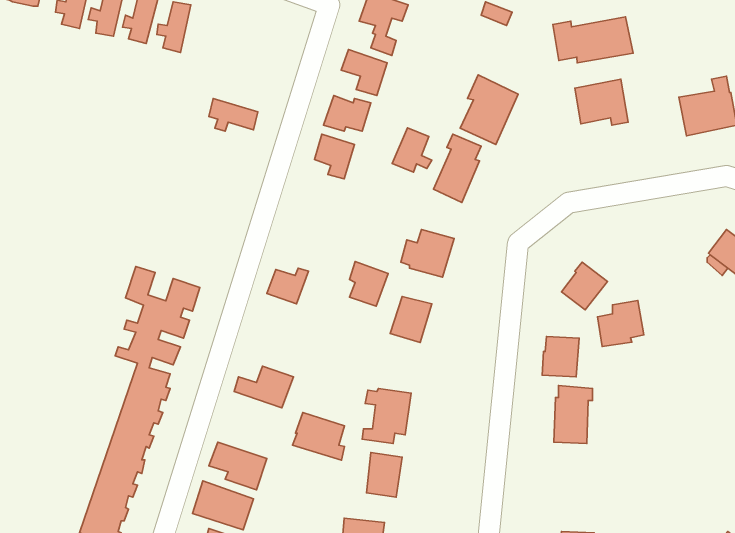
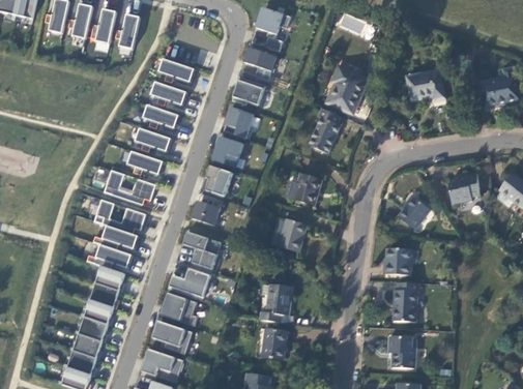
building: [553,17,633,63] -> none
building: none -> [159,59,195,83]
building: [392,128,432,172] -> none
building: none -> [143,106,178,128]
building: none -> [135,128,170,151]
building: none -> [211,137,242,168]
building: none -> [127,151,163,175]
building: none -> [104,170,154,205]
building: [349,262,388,306] -> [205,164,232,196]
building: [598,300,644,347] -> [447,172,480,204]
building: none -> [183,232,221,269]
building: [293,412,345,460] -> [159,292,196,325]
building: none -> [387,336,414,368]

